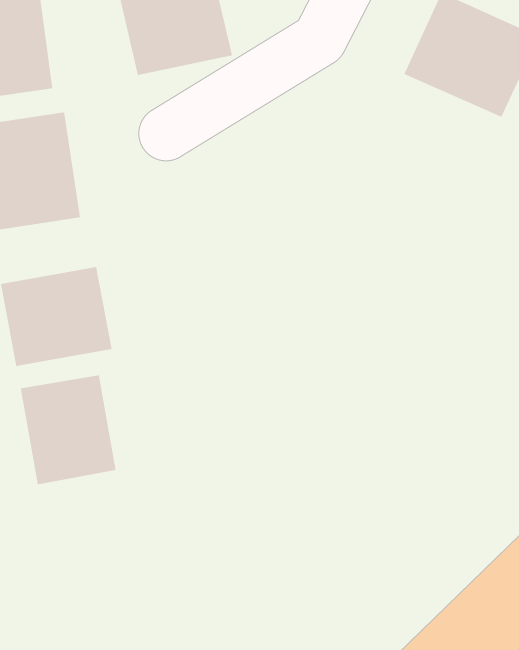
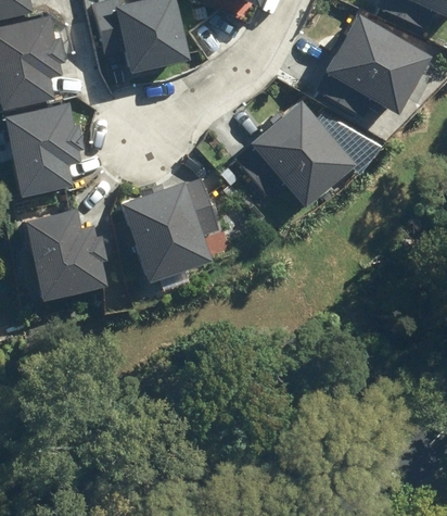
building: none -> [247,100,353,206]
building: none -> [128,175,226,285]
building: [20,375,116,485] -> none

